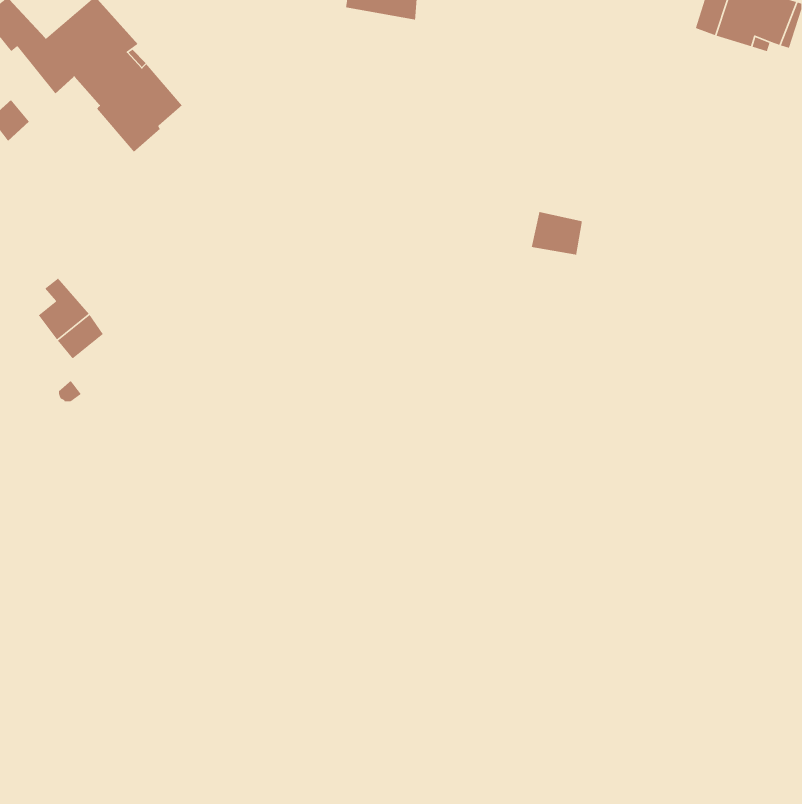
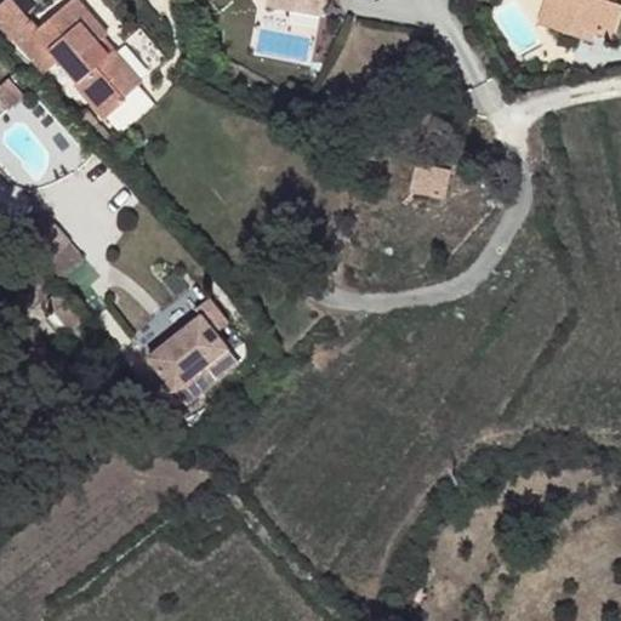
building: none -> [147,297,227,404]

